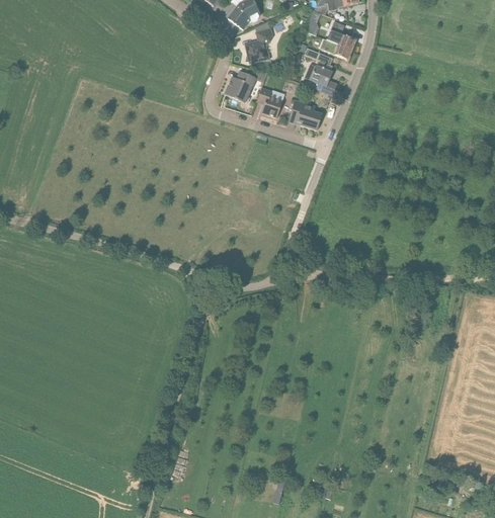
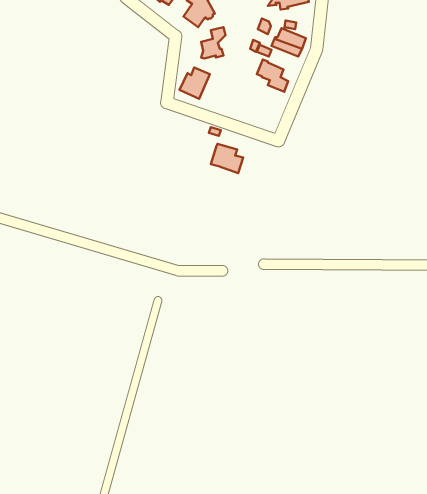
building: [257,87,282,116] -> none
building: [288,99,322,130] -> [211,144,243,173]

